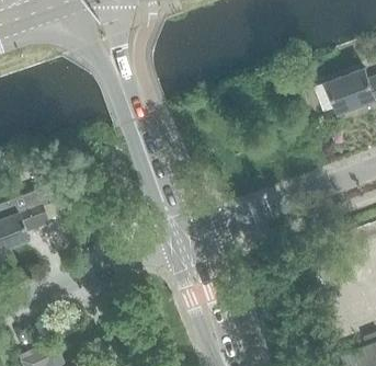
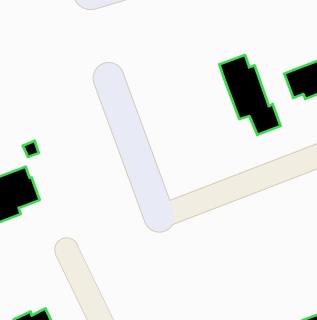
building: none -> [219,55,280,135]

